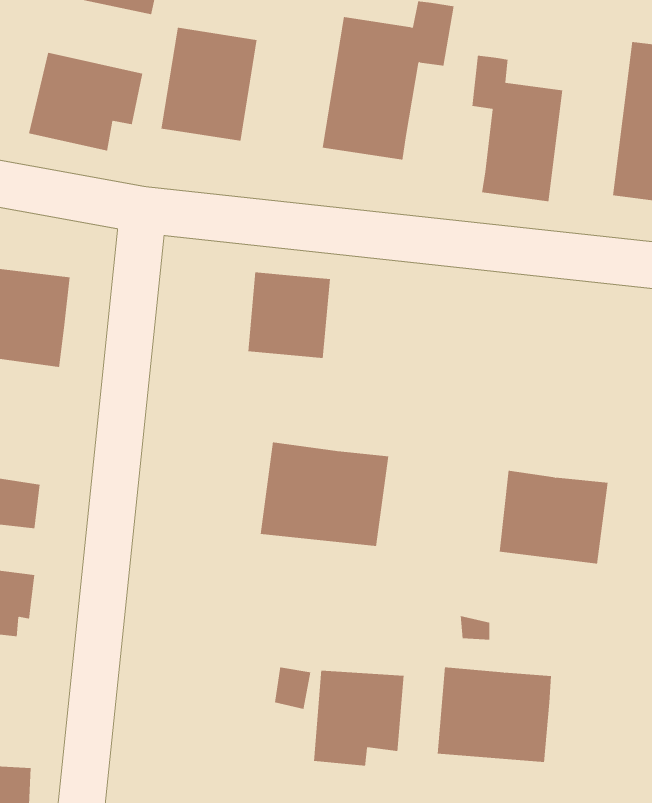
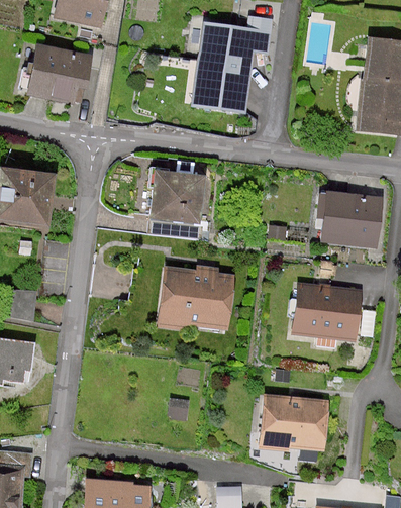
building: [161,27,257,142] -> none
building: [472,55,563,202] -> none
building: none -> [326,191,379,246]
building: [313,670,404,766] -> none

